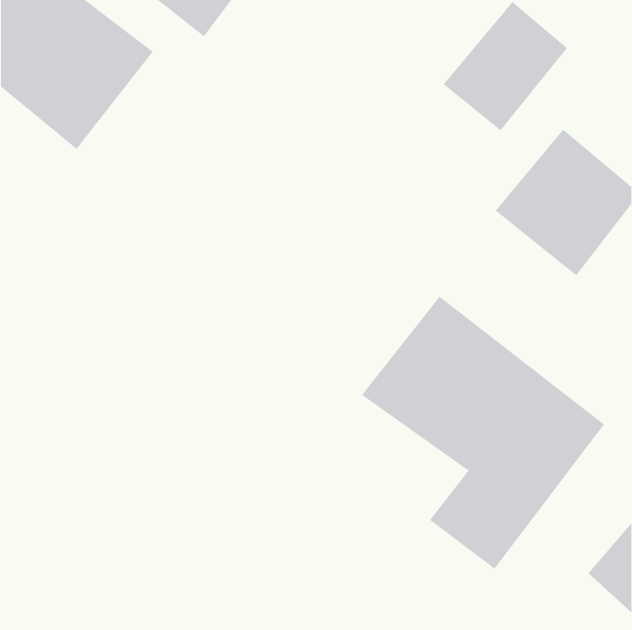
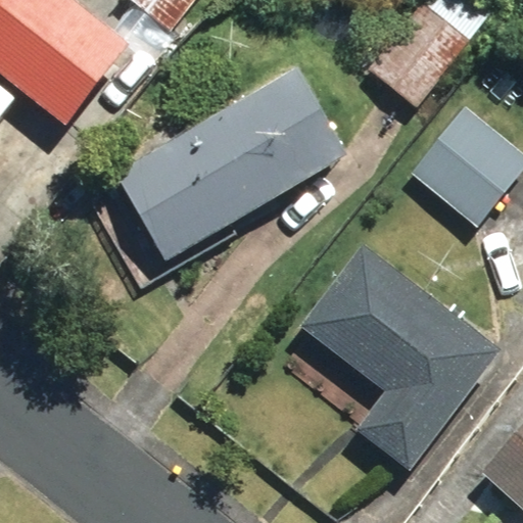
building: none -> [116,70,345,258]

